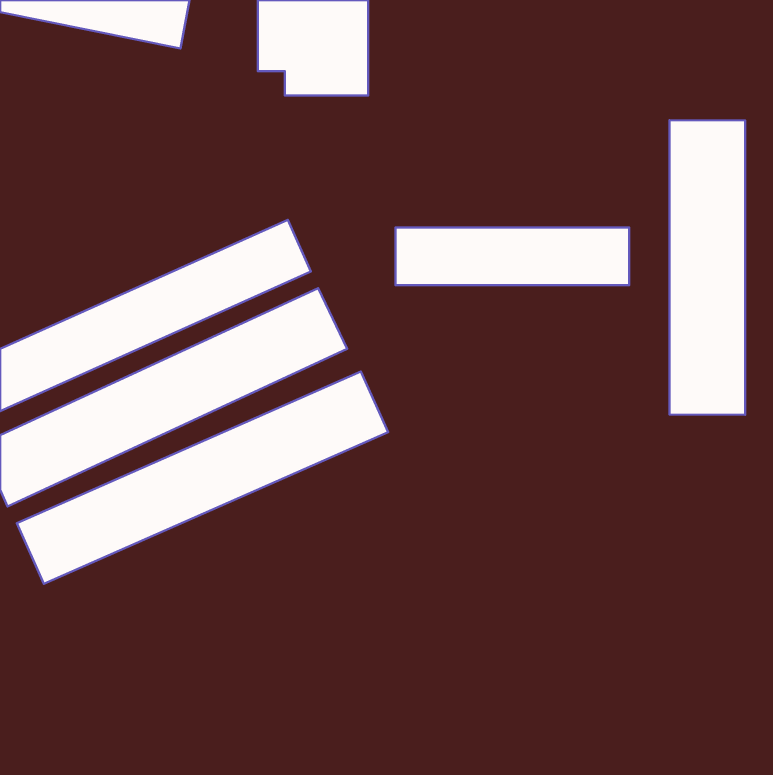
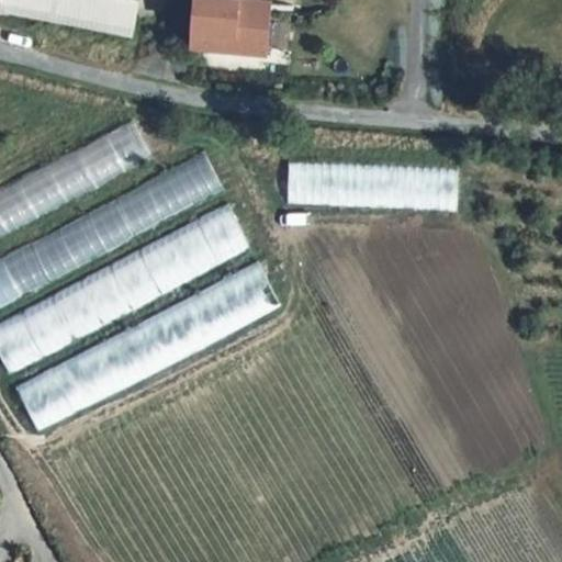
building: [669,120,745,415] -> none

